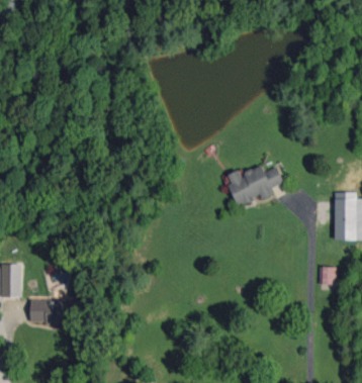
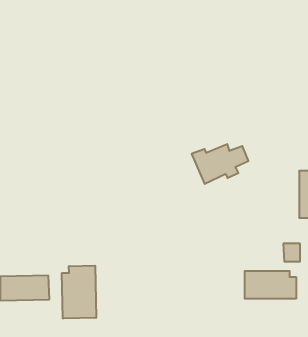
building: none -> [62,266,96,319]
building: none -> [245,271,296,299]

